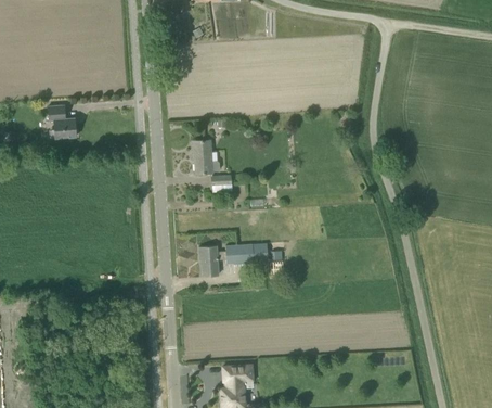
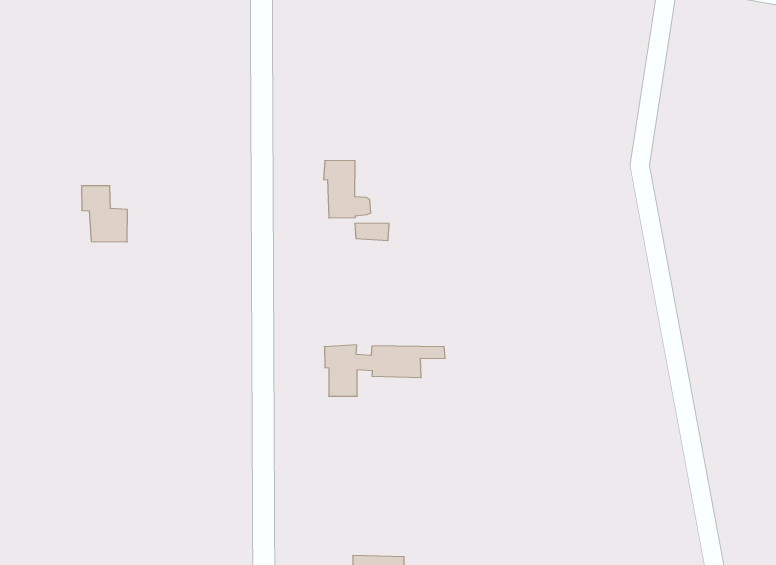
building: [48,105,76,138] -> [81,186,127,242]

